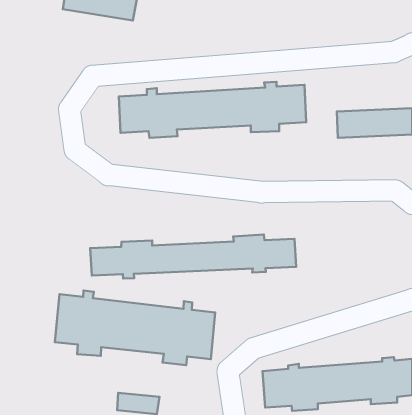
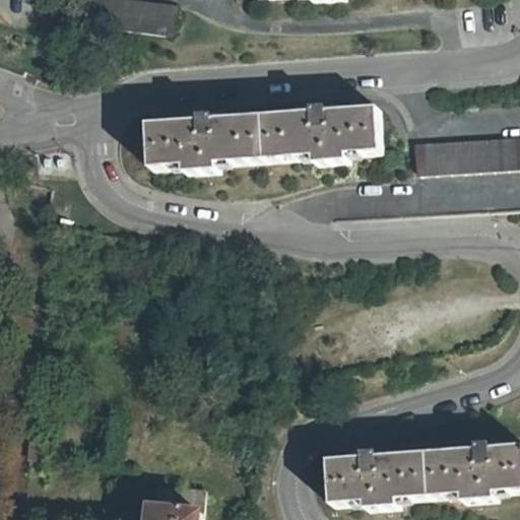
building: [90,235,296,278] -> none
building: [55,291,215,365] -> none

